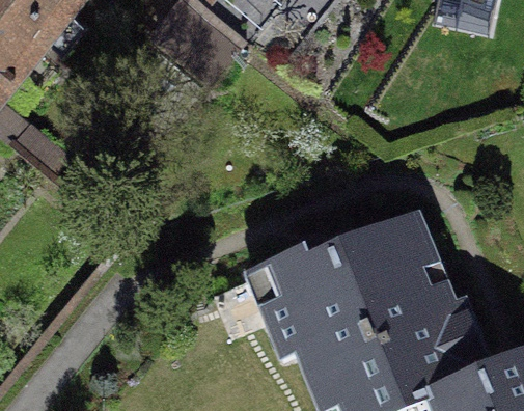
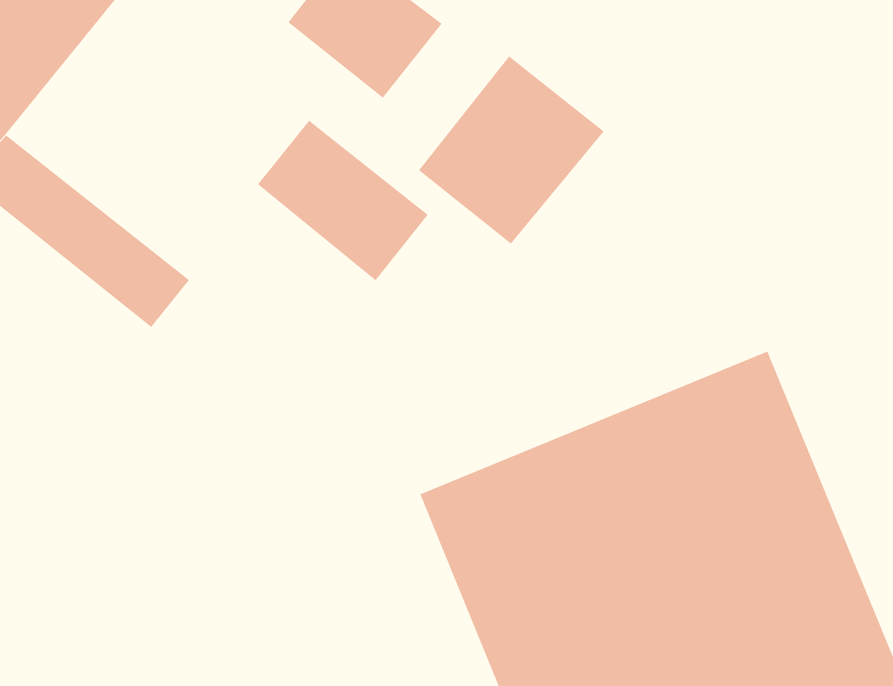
building: none -> [418,55,605,244]
building: none -> [257,120,429,281]

